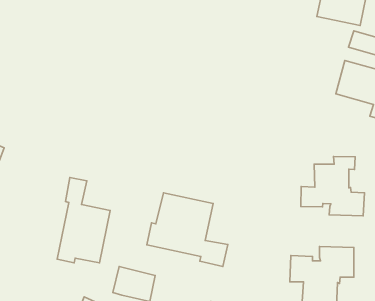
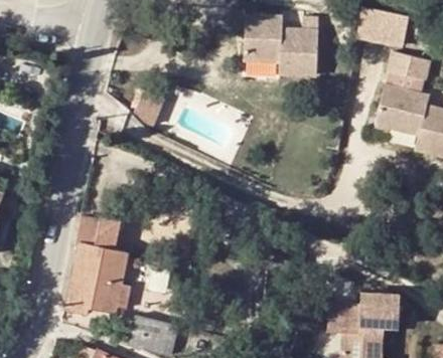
building: none -> [237,28,311,75]
building: [301,157,365,216] -> none
building: [147,193,228,267] -> none

